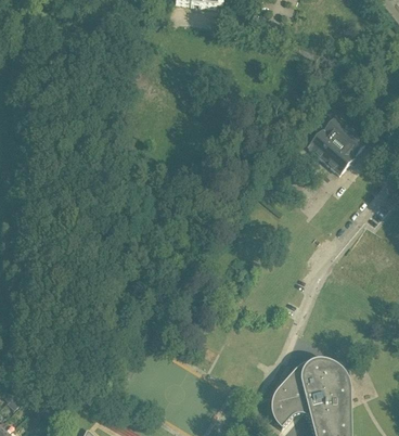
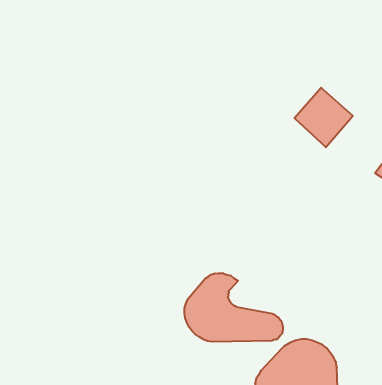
building: none -> [184,273,283,342]

